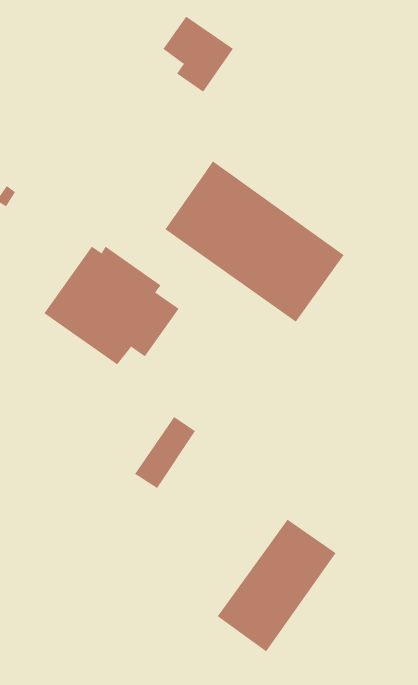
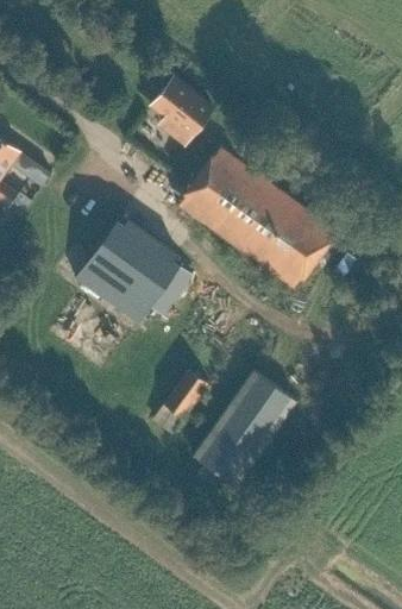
building: [162,16,234,93] -> [151,80,213,146]
building: [217,519,337,652] -> [194,370,297,485]

